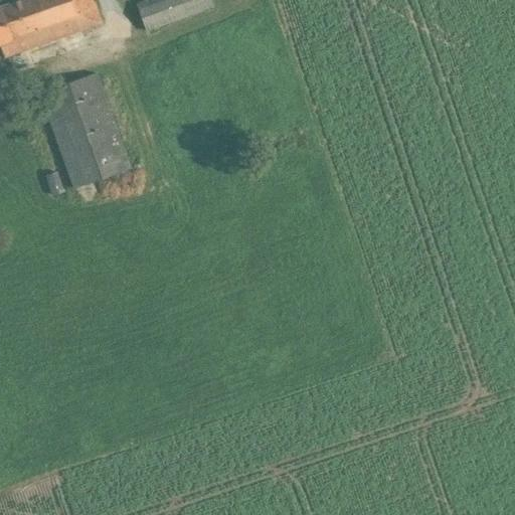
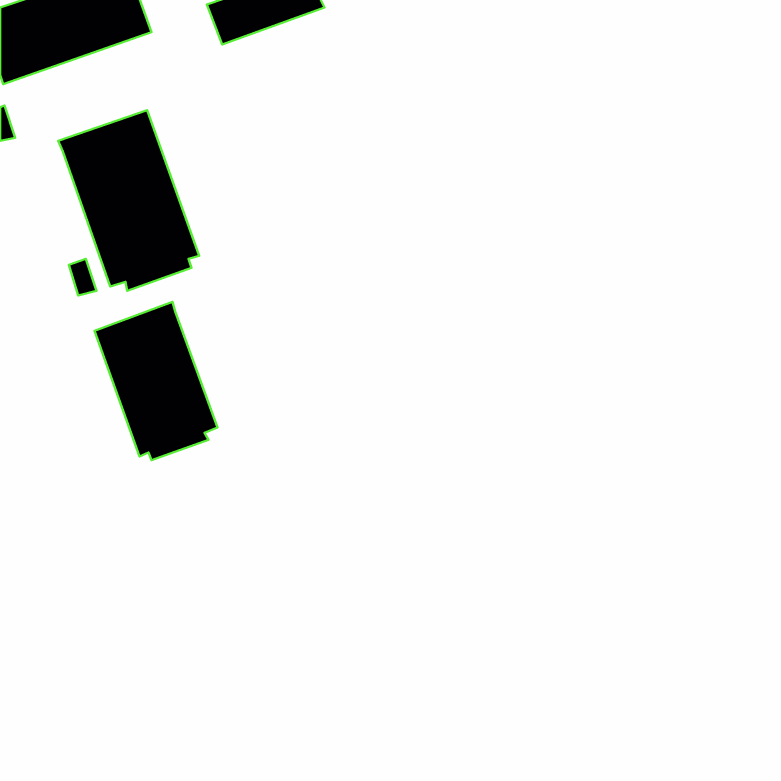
building: none -> [94,302,218,460]

